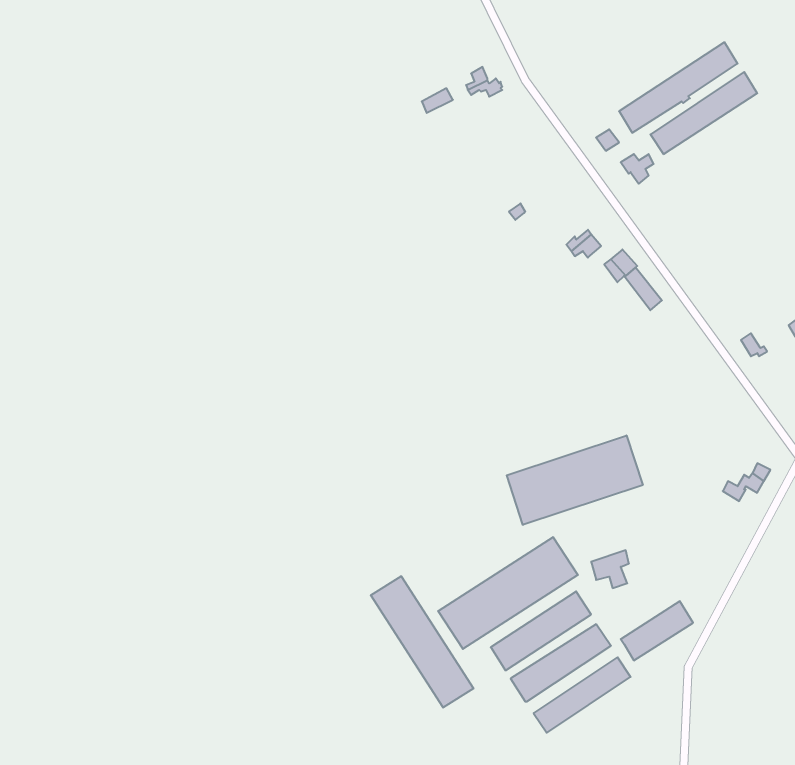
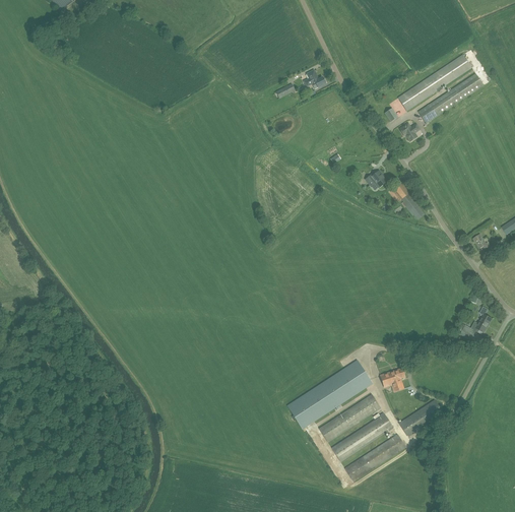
building: [507,435,643,525] -> none
building: [371,576,473,708] -> none

